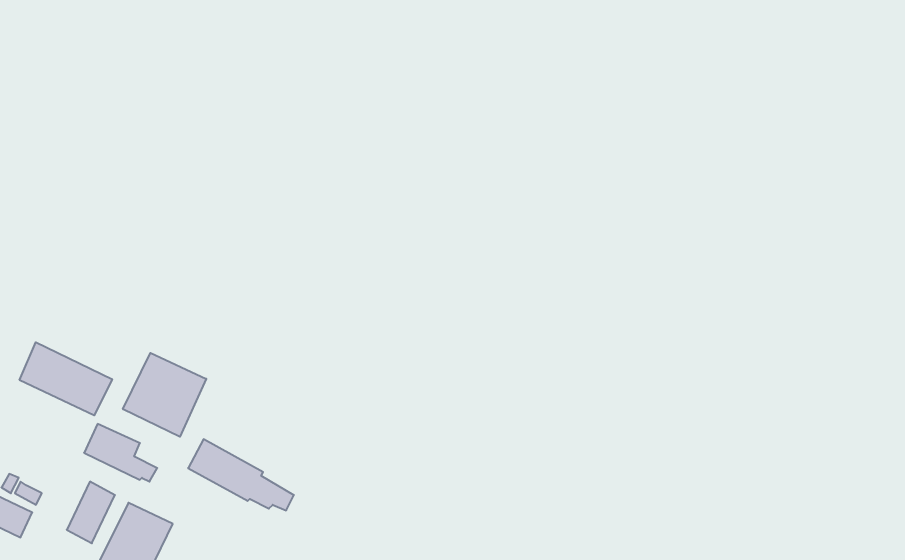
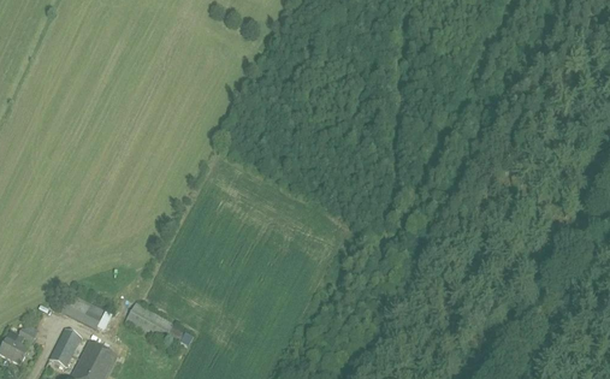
building: [20,342,112,415] -> none
building: [123,353,206,437] -> none

